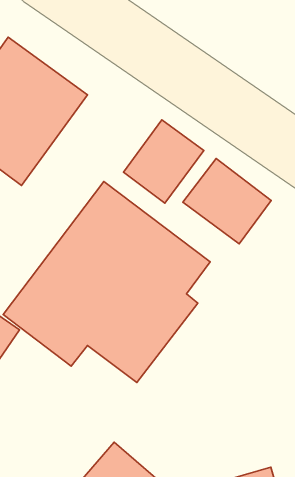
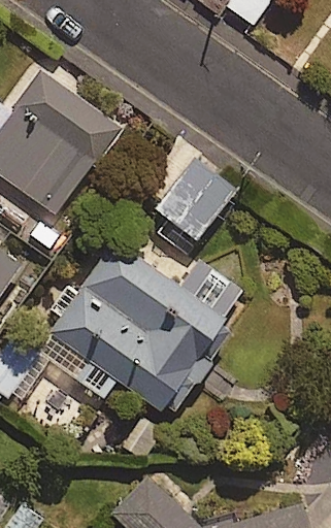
building: [183,158,271,244] -> none

